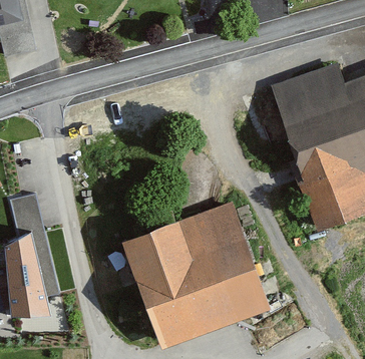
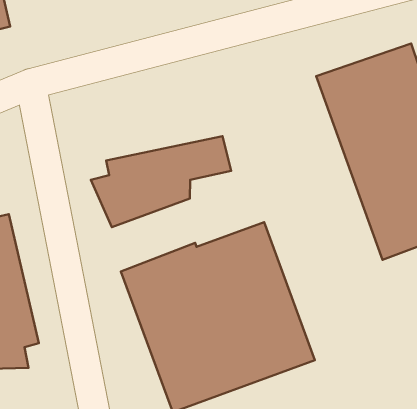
building: none -> [91,136,231,227]

